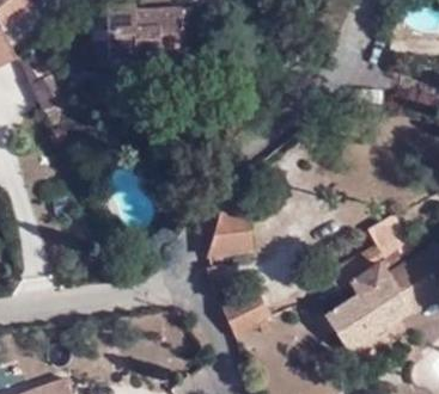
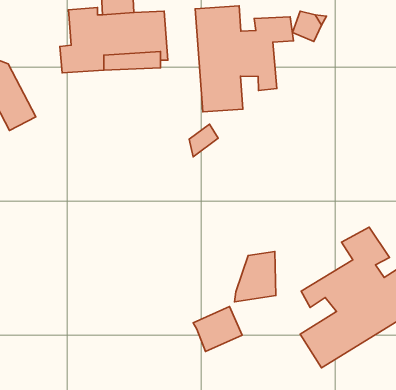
building: none -> [195,6,294,112]
building: [212,210,251,258] -> [234,252,276,302]

